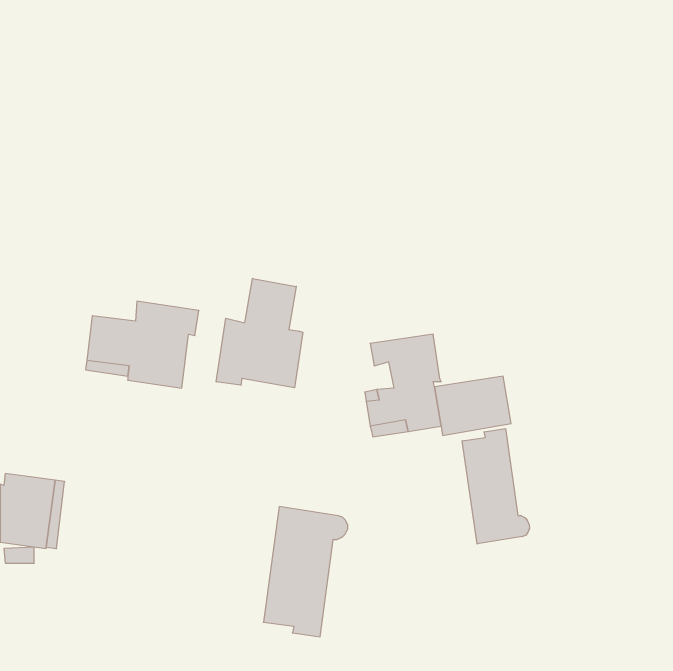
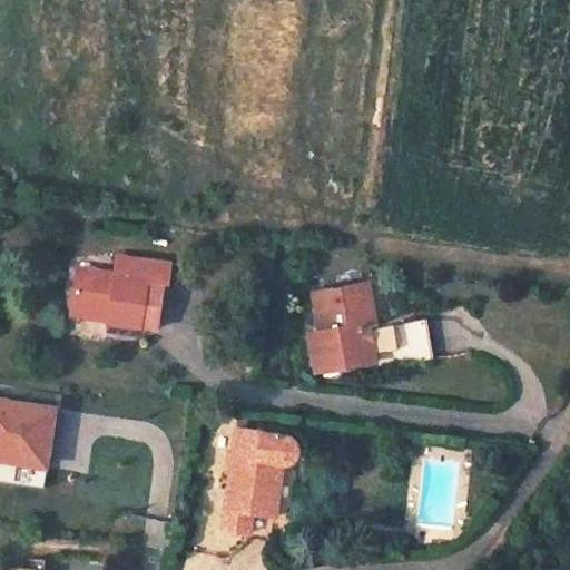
building: [216,278,303,388] -> none
building: [462,429,529,544] -> none

